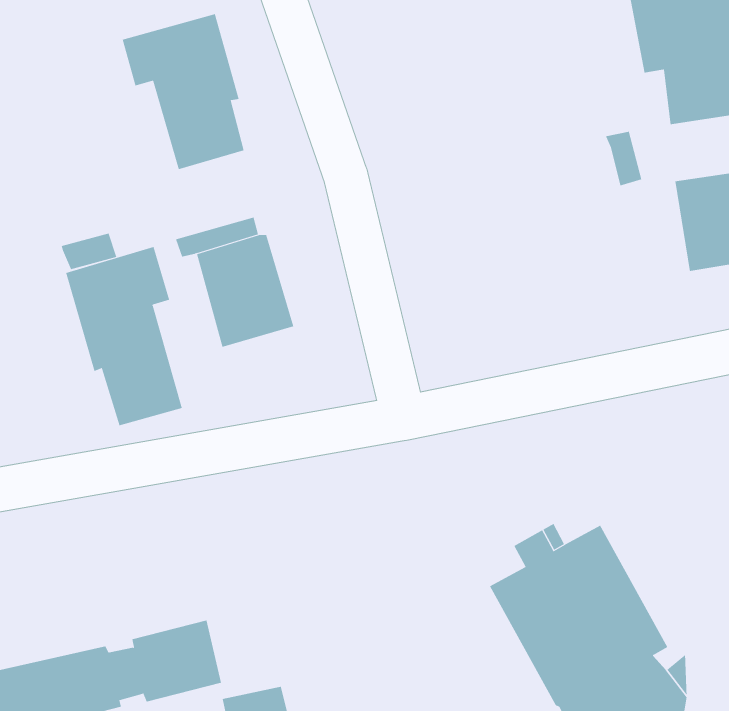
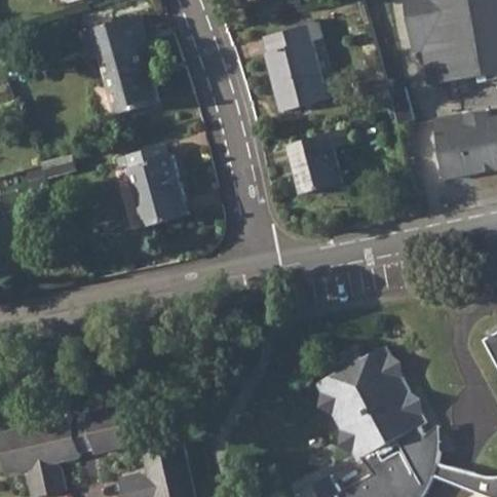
building: none -> [263,24,327,113]
building: none -> [286,129,347,194]
building: [65,246,182,426] -> none

